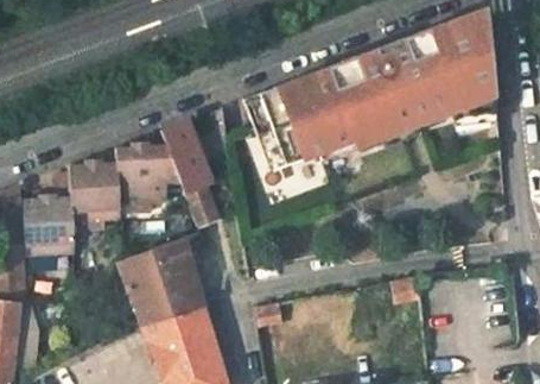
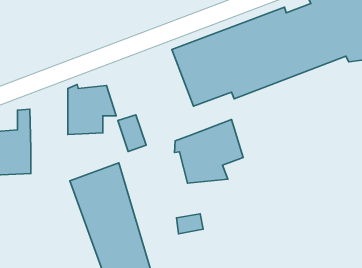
building: [163,120,207,181] -> none
building: [71,163,119,222] -> none
building: none -> [174,119,243,183]

